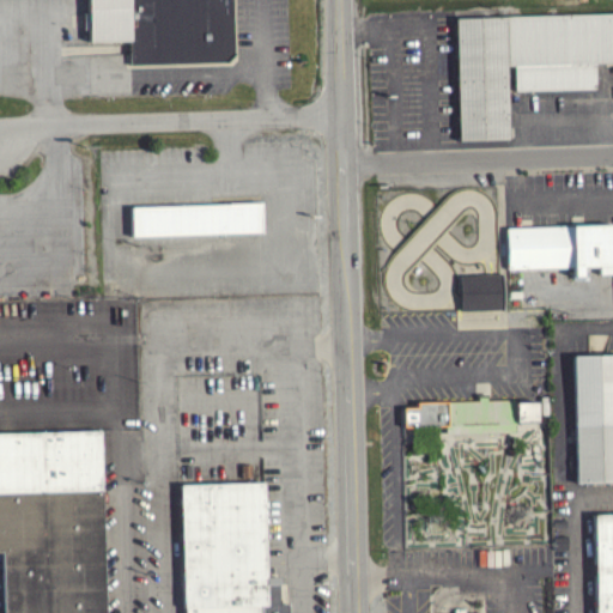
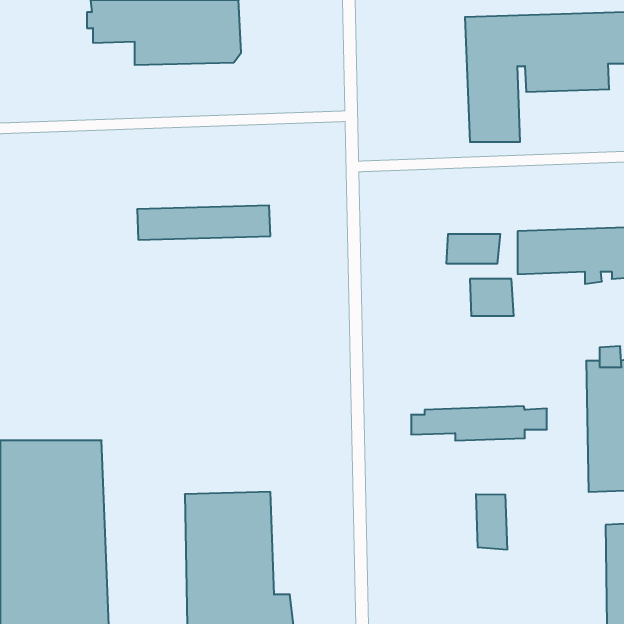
building: none -> [447,234,500,264]
building: none -> [476,494,507,550]

